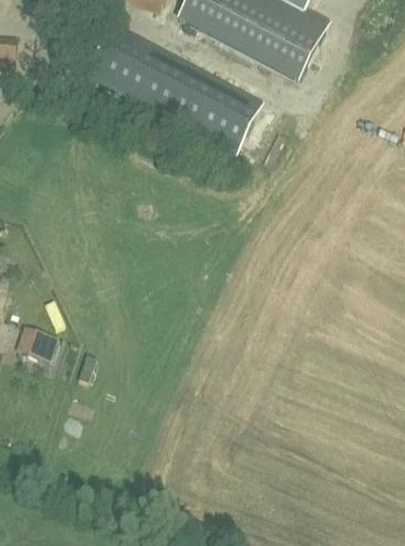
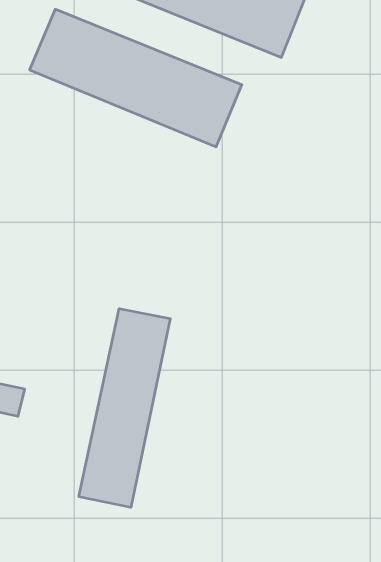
building: none -> [79,309,170,507]

